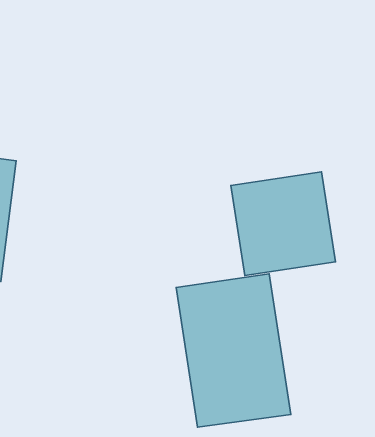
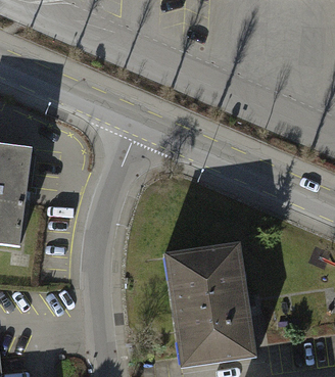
building: [231,172,336,275] -> none

